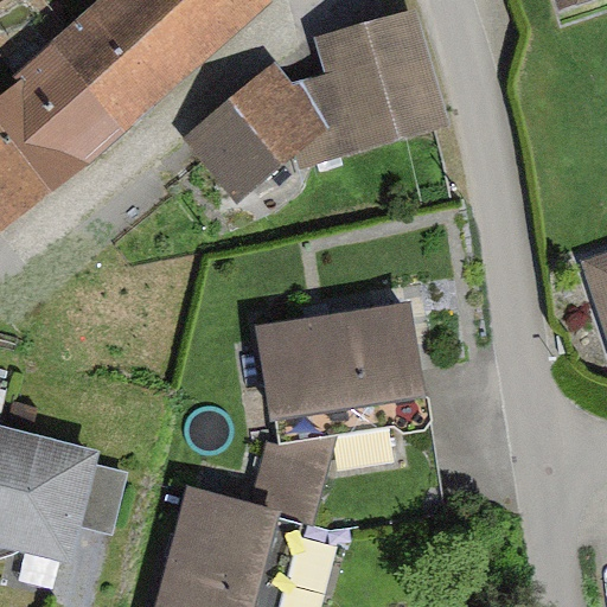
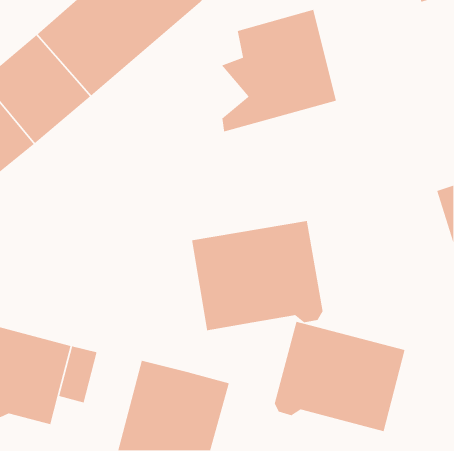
building: [180,64,328,209] -> none
building: none -> [274,321,405,432]
building: [253,428,334,510] -> none

